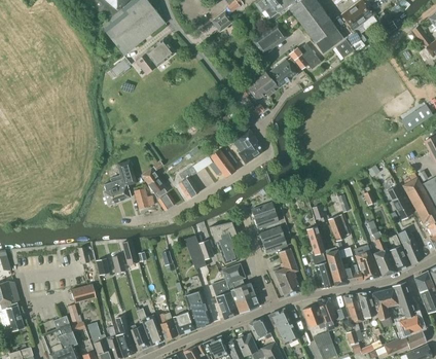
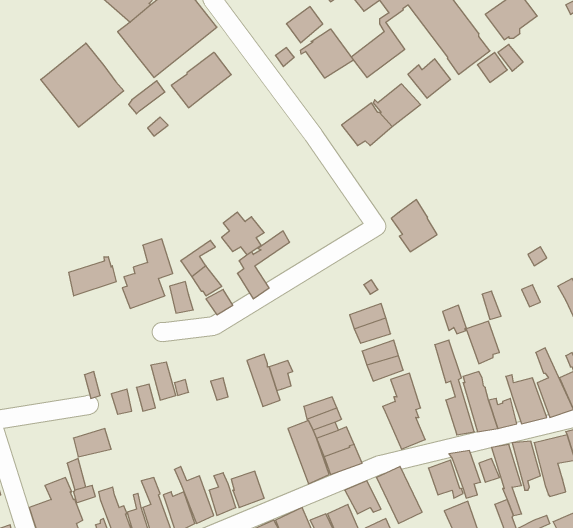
building: none -> [301,29,353,78]
building: none -> [41,43,124,127]
building: [232,130,262,164] -> [391,200,437,252]
building: [209,149,237,177] -> [222,212,264,255]
building: none -> [69,257,116,296]
building: [209,222,238,263] -> none
building: [184,291,210,329] -> none

